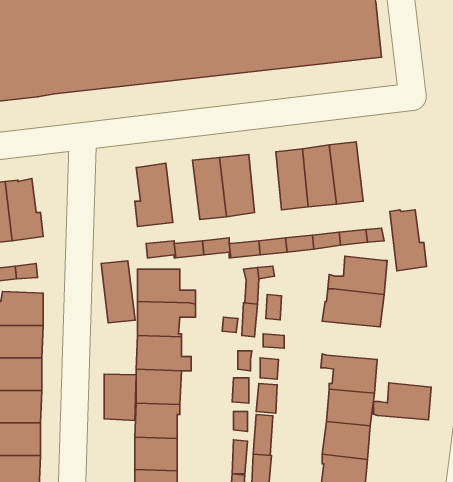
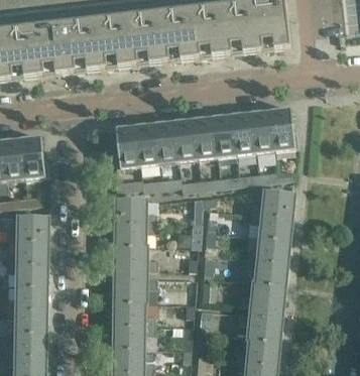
building: none -> [195,116,218,159]
building: [390,210,427,271] -> [271,108,297,151]
building: [101,261,135,323] -> [135,122,159,166]
building: [104,374,136,421] -> none
building: [373,383,431,420] -> [247,238,288,264]

